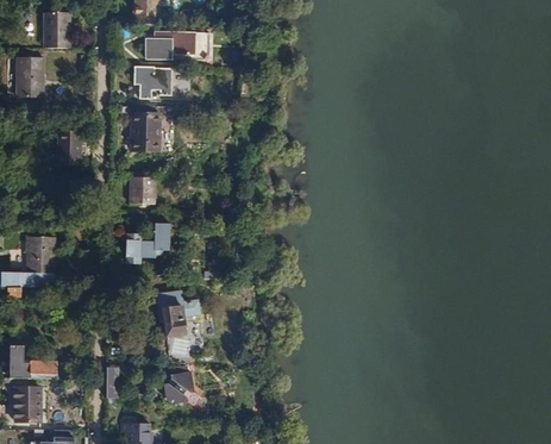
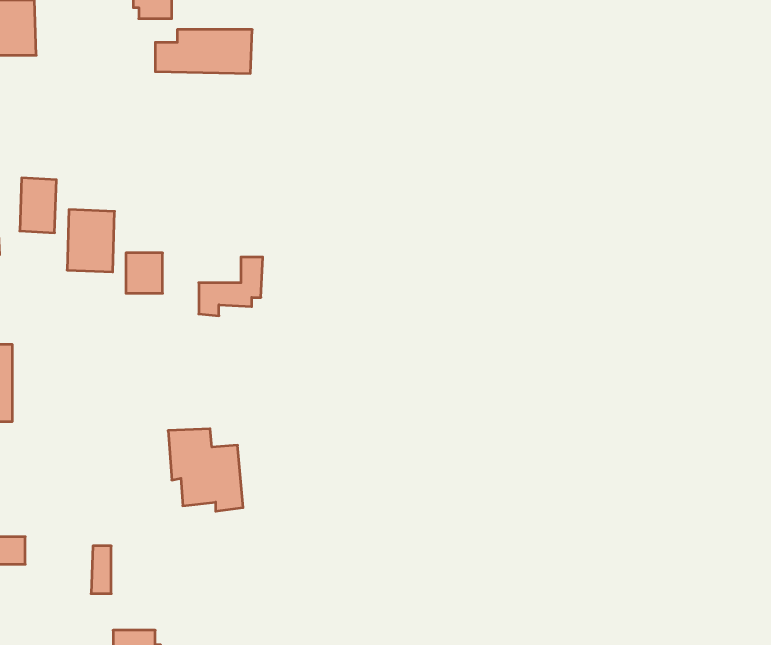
building: [132,65,171,98] -> none
building: [129,111,159,151] -> [67,210,115,272]
building: [125,224,167,262] -> [199,257,263,316]
building: [162,364,195,407] -> none

